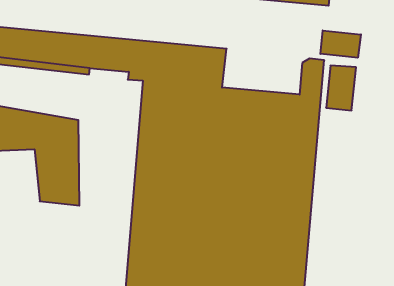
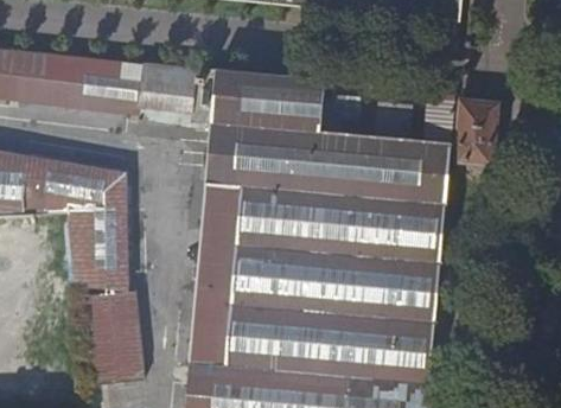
building: [320,30,361,58] -> none
building: none -> [83,293,146,384]

